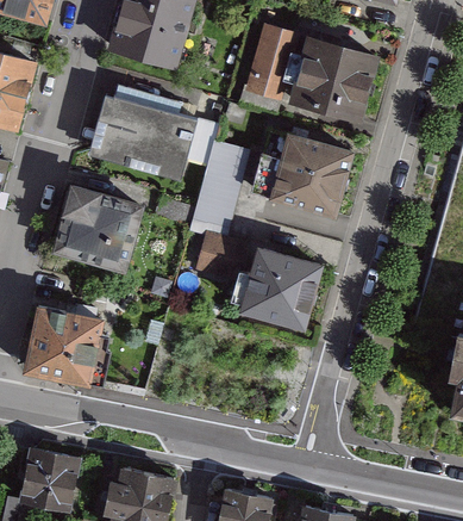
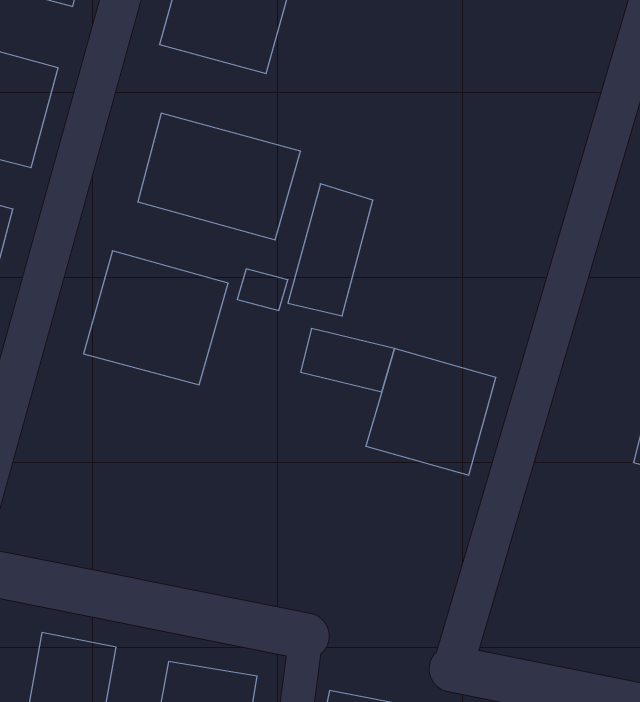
building: [242,27,296,105] -> none
building: [290,39,375,125] -> none
building: [267,135,350,225] -> none
building: [24,309,102,389] -> none

